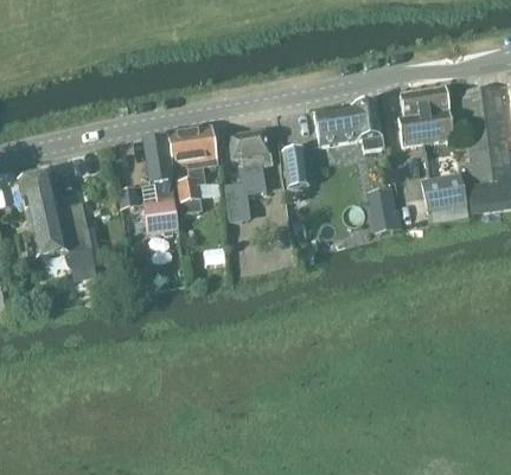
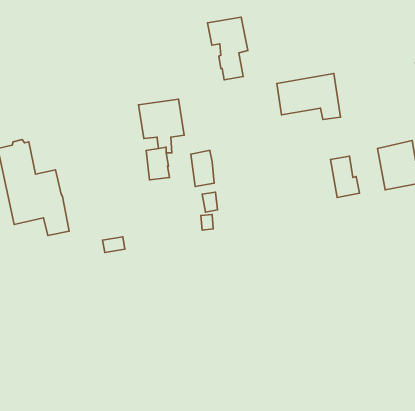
building: [398,88,453,146] -> none
building: [229,129,272,195] -> [207,17,248,80]
building: [143,137,179,235] -> none
building: [283,150,309,190] -> none

